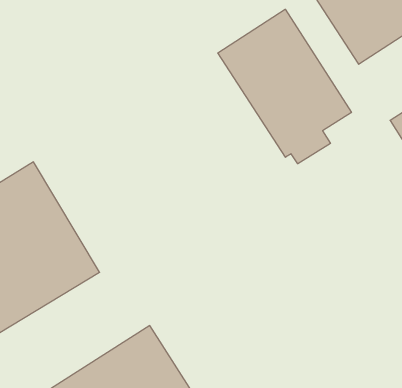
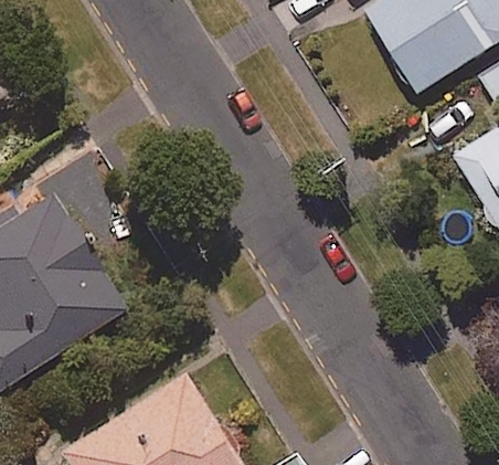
building: [218,9,351,164] -> none

